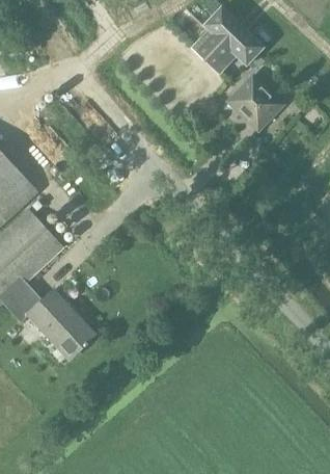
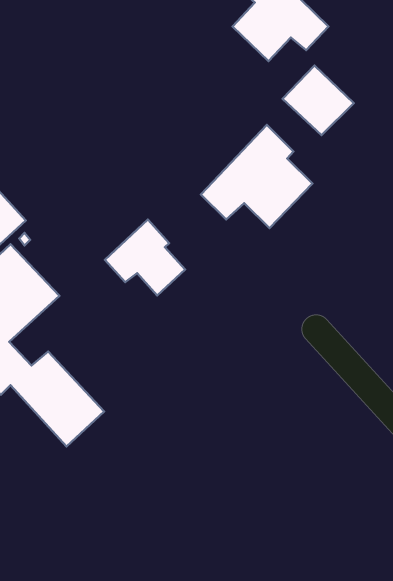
building: none -> [201,125,312,228]
building: none -> [105,219,185,295]

